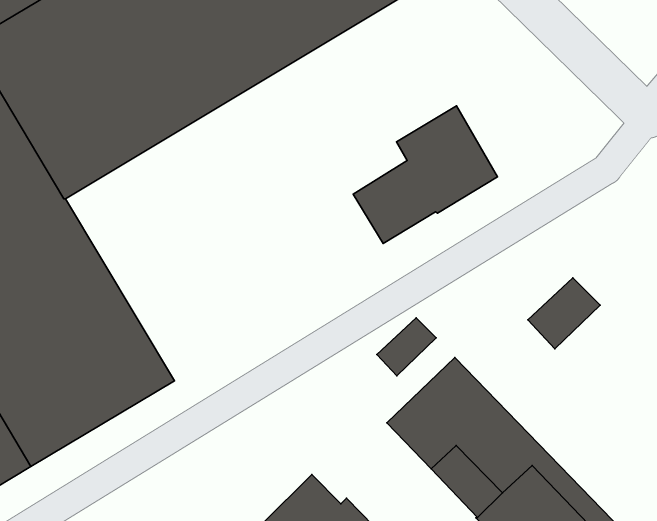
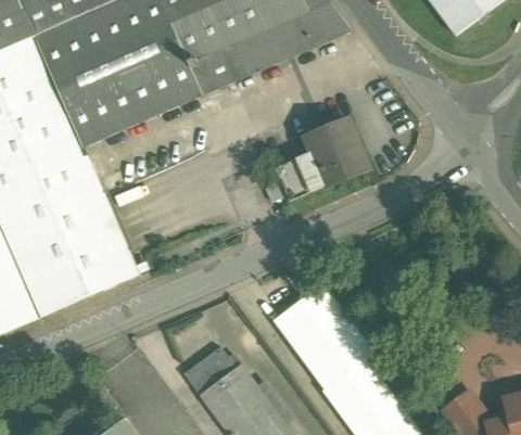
building: [528,278,600,349] -> none
building: [377,318,436,376] -> none

